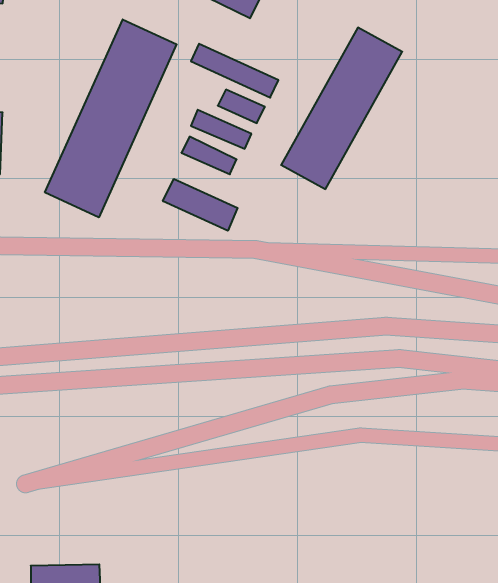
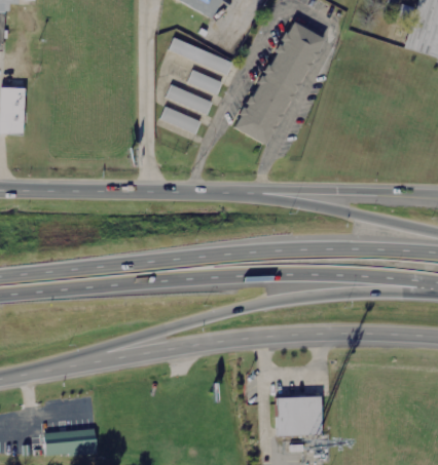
building: [45,19,177,217] -> none
building: [163,179,238,231] -> none
building: none -> [278,397,323,436]

